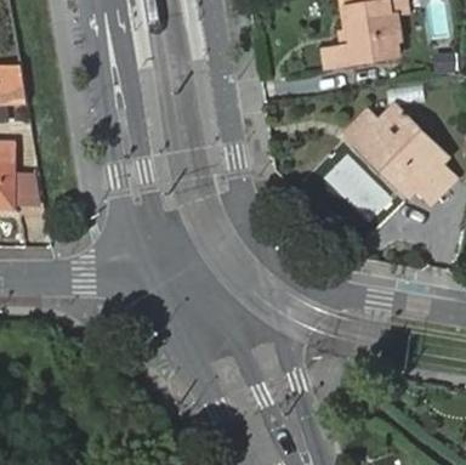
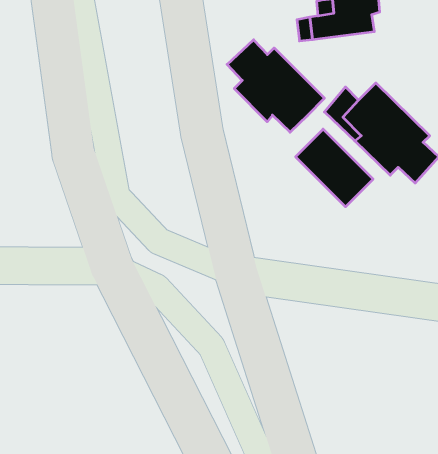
building: none -> [227,40,324,132]

